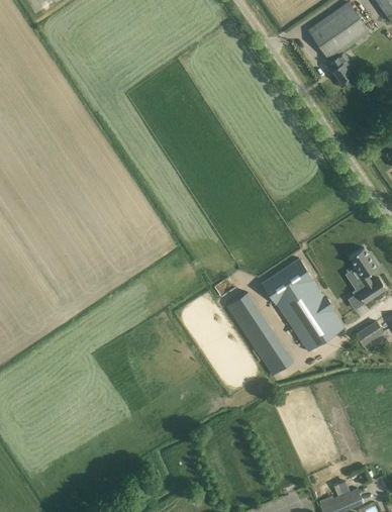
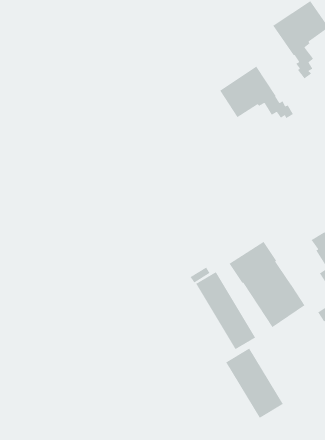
building: none -> [219,65,294,119]
building: none -> [225,347,284,419]

